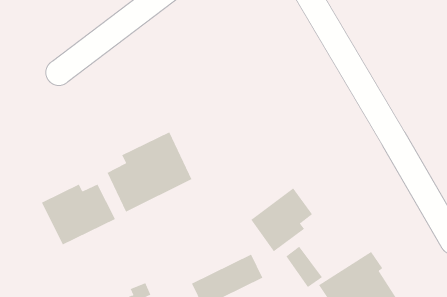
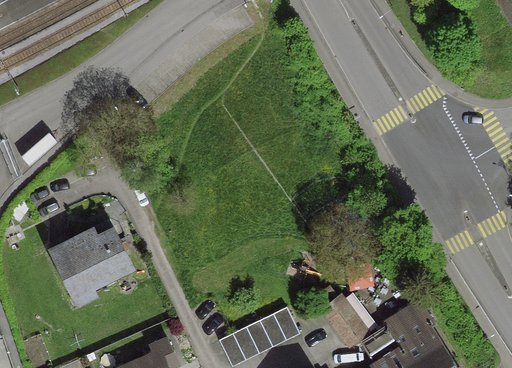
building: [107,132,192,212] -> none
building: [250,188,313,252] -> none

